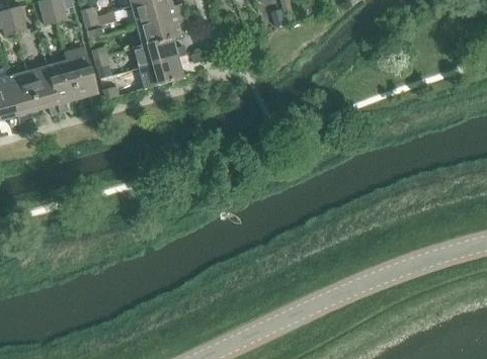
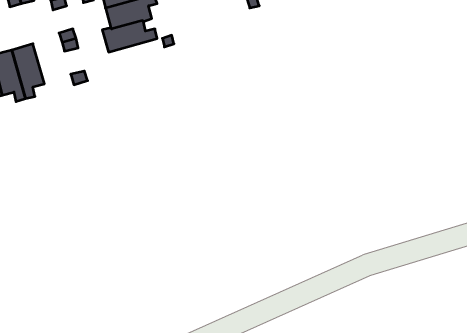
building: [64,46,99,103] -> none
building: [139,54,188,87] -> none

